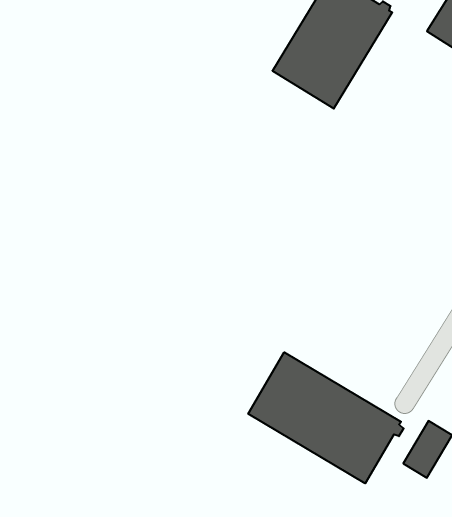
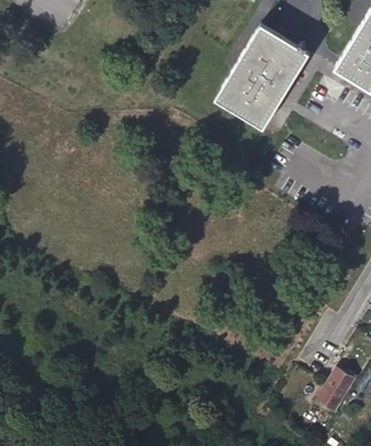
building: [248,352,404,483] -> none

